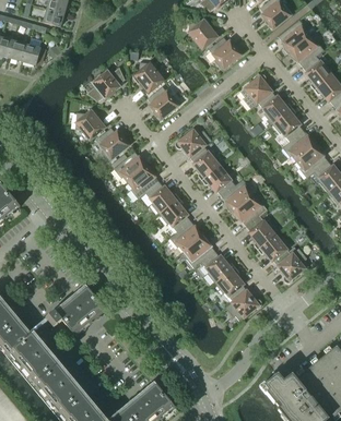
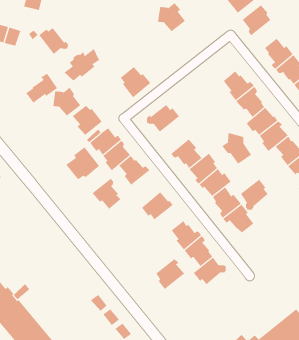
building: [287,36,324,67] -> none
building: [208,37,242,70] -> none
building: none -> [38,27,69,55]
building: [132,62,164,93] -> none
building: [240,73,271,108] -> none
building: none -> [26,73,58,110]
building: [189,140,221,180] -> none
building: none -> [222,132,252,165]
building: none -> [65,147,100,180]
building: [158,197,190,238] -> [92,178,121,216]
building: [184,234,215,268] -> [155,258,185,290]
building: [278,249,308,282] -> [240,179,269,210]
building: [46,285,106,335] -> none

